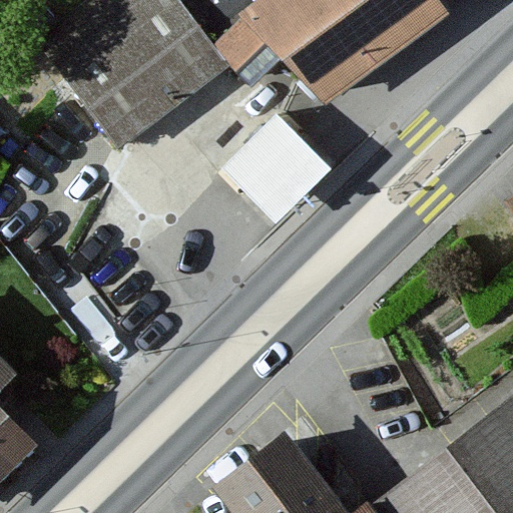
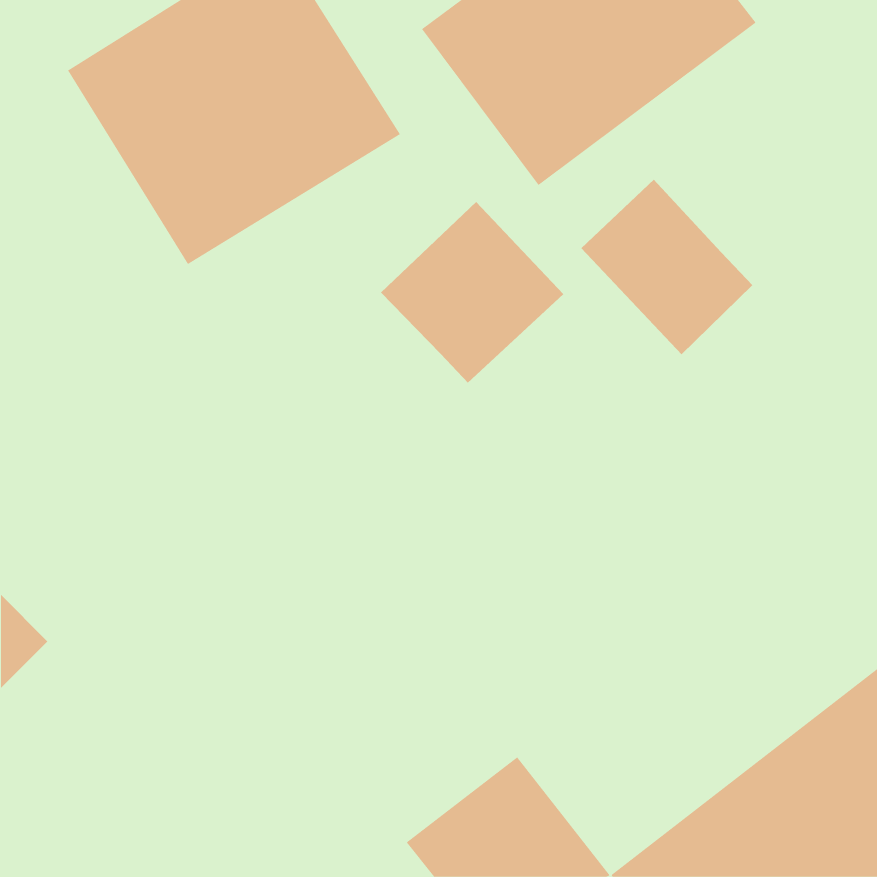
building: none -> [580,179,753,355]

